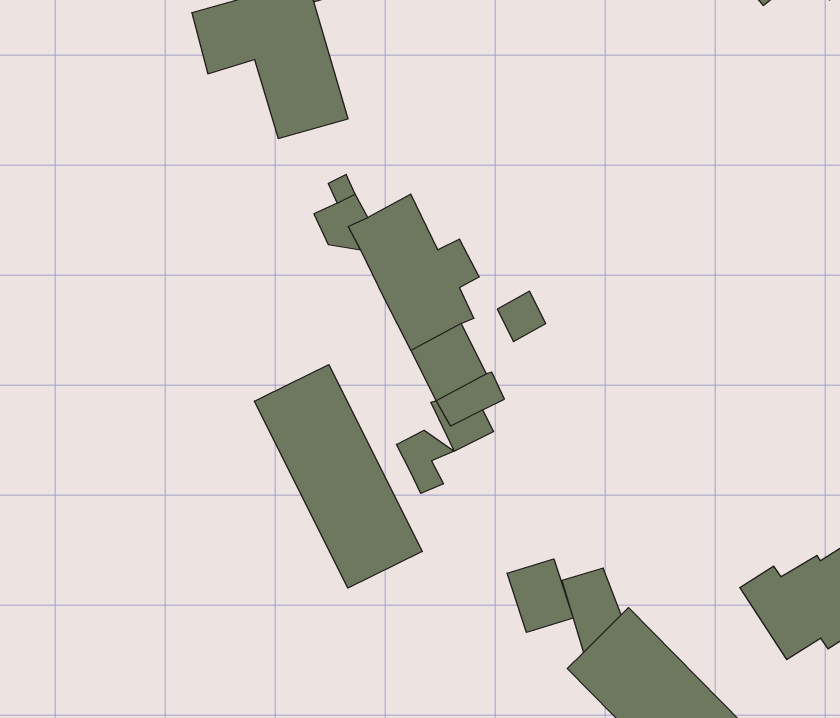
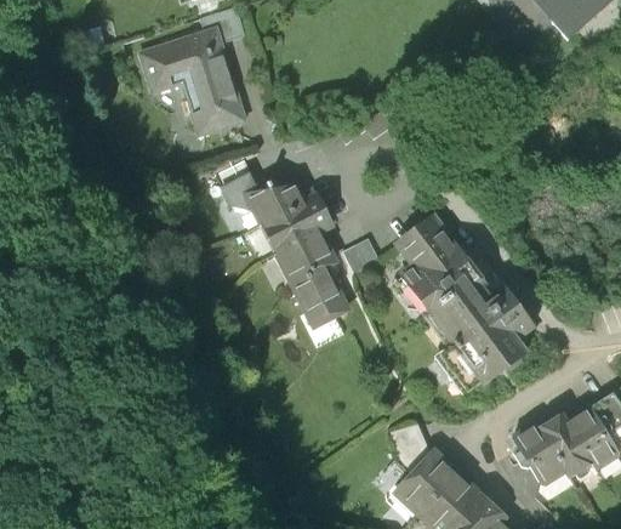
building: none -> [397,217,536,387]
building: [254,365,422,588] -> none
building: [396,430,454,493] -> none
building: [507,559,573,632] -> none

